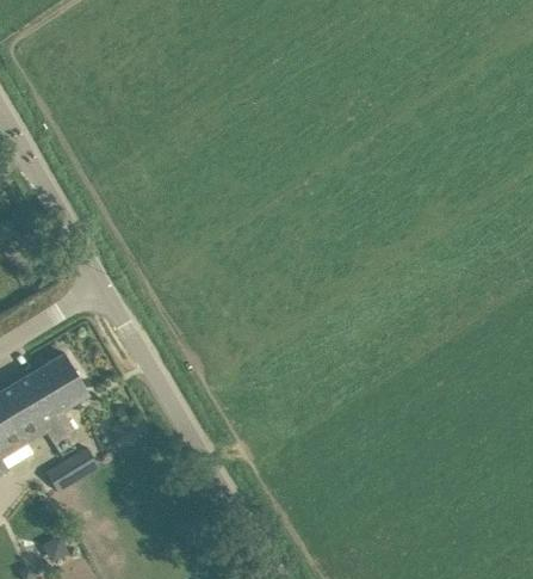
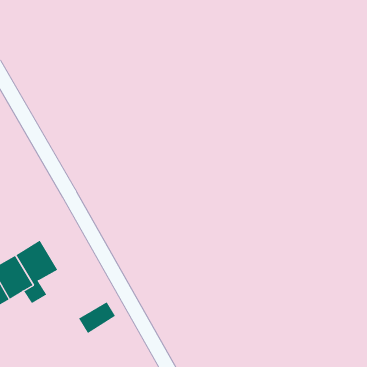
building: [45,448,98,493] -> [78,301,116,334]

